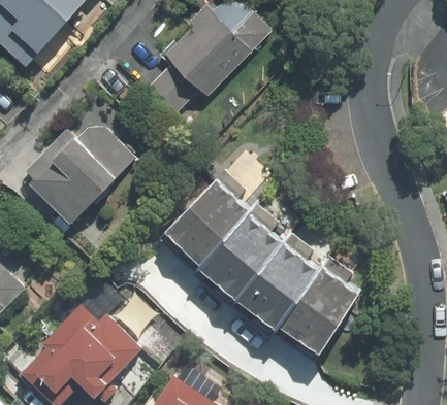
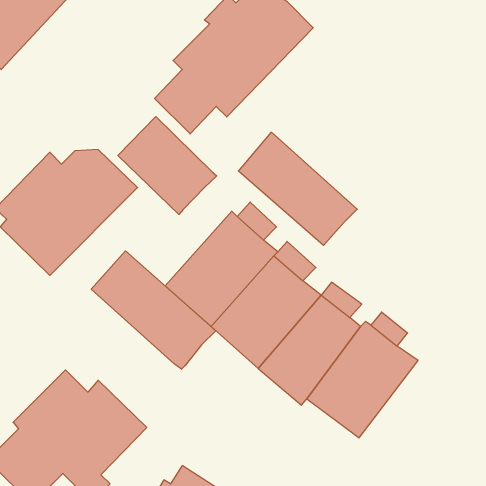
building: none -> [118,117,217,214]
building: none -> [238,132,357,245]
building: none -> [91,251,216,369]

